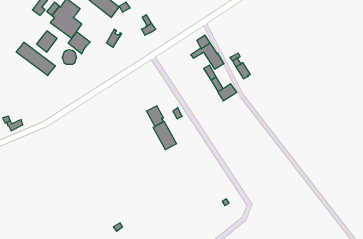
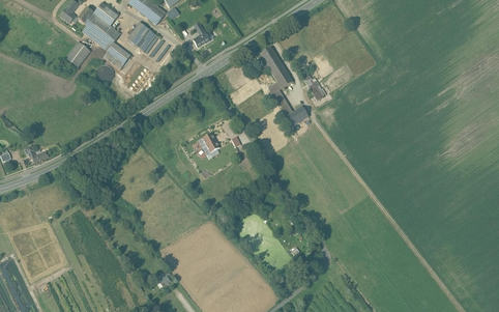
building: none -> [127,22,155,51]
building: [16,42,55,76] -> none
building: [153,121,177,150] -> none

